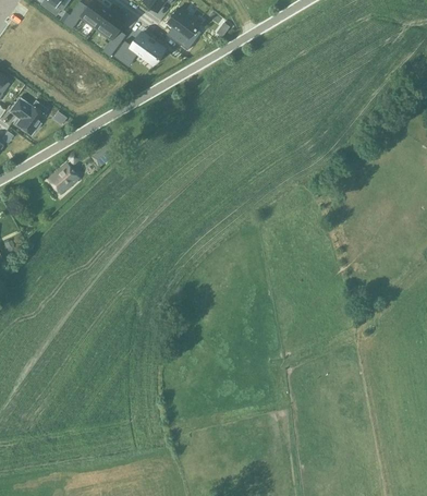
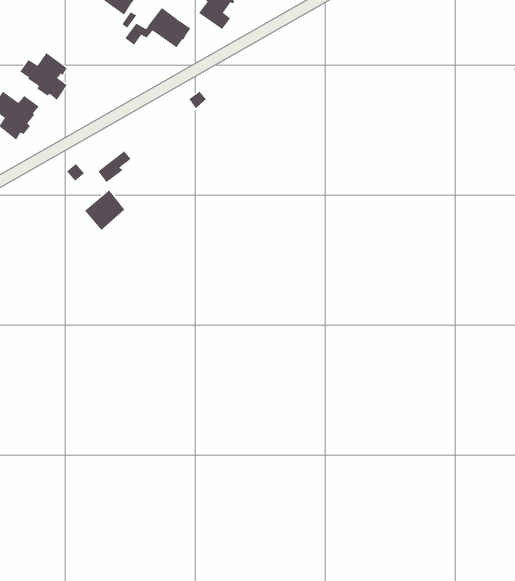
building: none -> [19,52,67,101]
building: [47,162,78,194] -> [84,190,125,231]

